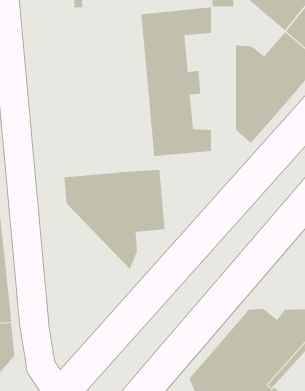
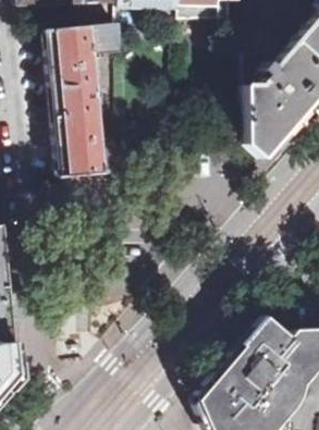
building: [141,7,212,157] -> [47,24,120,177]
building: [64,169,165,270] -> none

